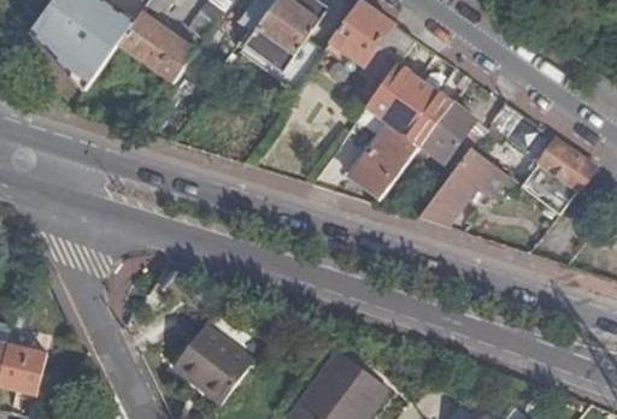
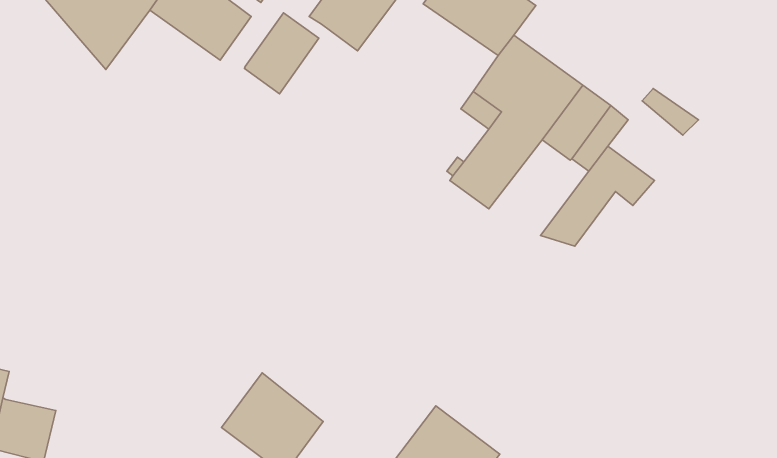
building: none -> [244,13,319,94]
building: [519,140,595,214] -> none

